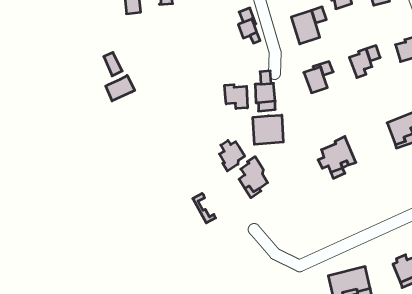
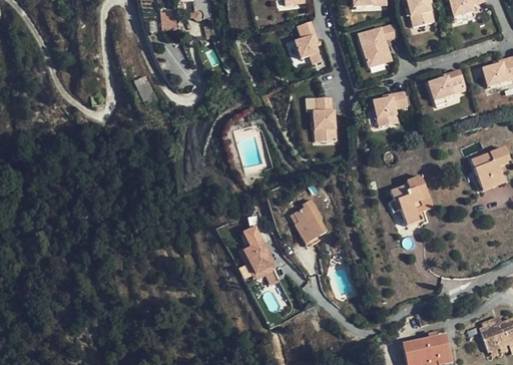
building: [106,75,135,101] -> none
building: [225,85,247,109] -> none
building: [253,115,283,144] -> none
building: [219,140,245,171] -> none
building: none -> [246,239,279,273]

